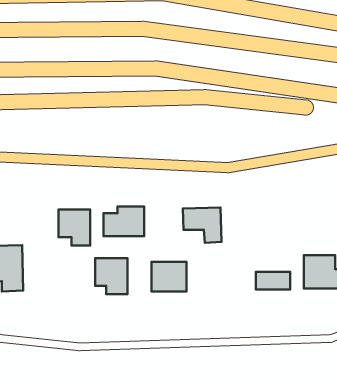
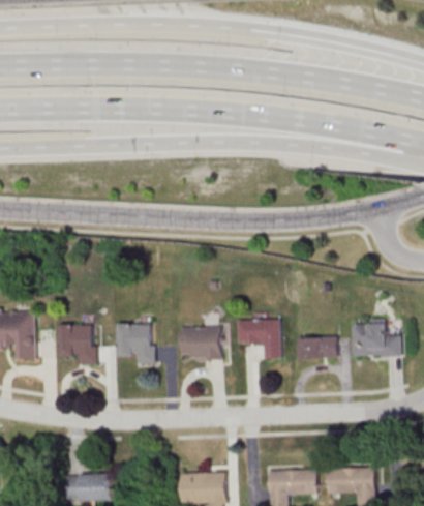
building: [104,206,144,236] -> none
building: [183,208,222,243] -> [237,320,280,359]
building: [59,210,90,246] -> [59,324,94,364]

